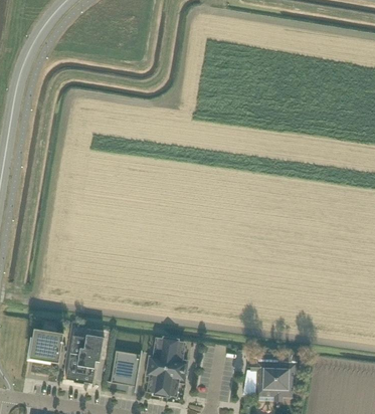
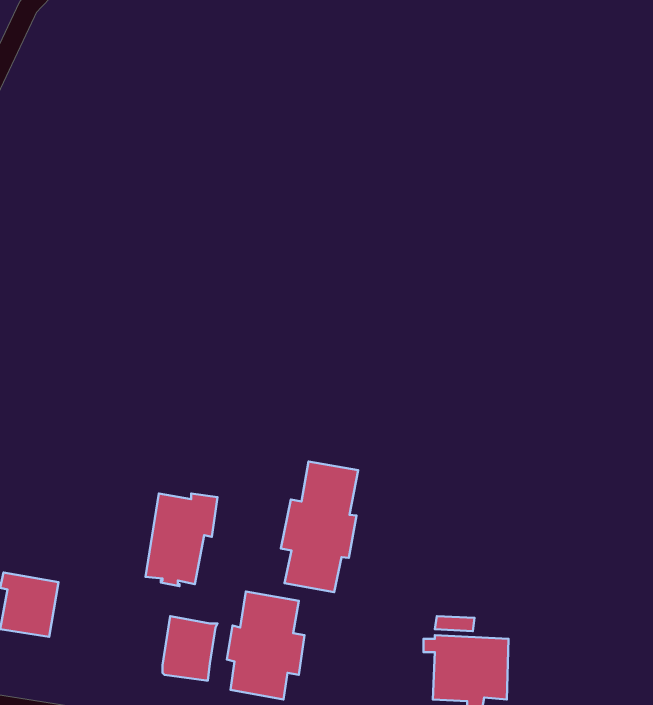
building: none -> [281,461,358,592]
building: [65,336,104,385] -> [146,493,217,586]

